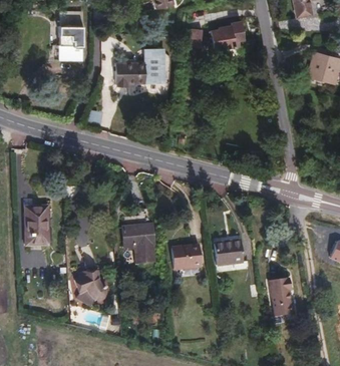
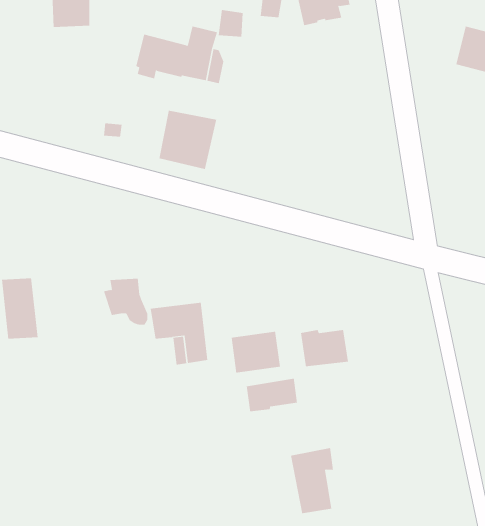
building: none -> [159,110,217,170]
building: none -> [246,378,297,412]
building: [76,273,104,302] -> [103,278,148,325]
building: [269,274,296,315] -> [290,448,334,514]

